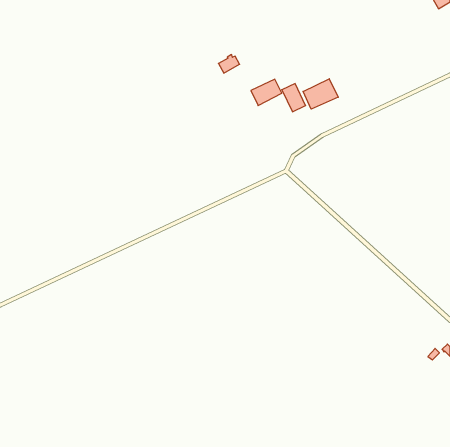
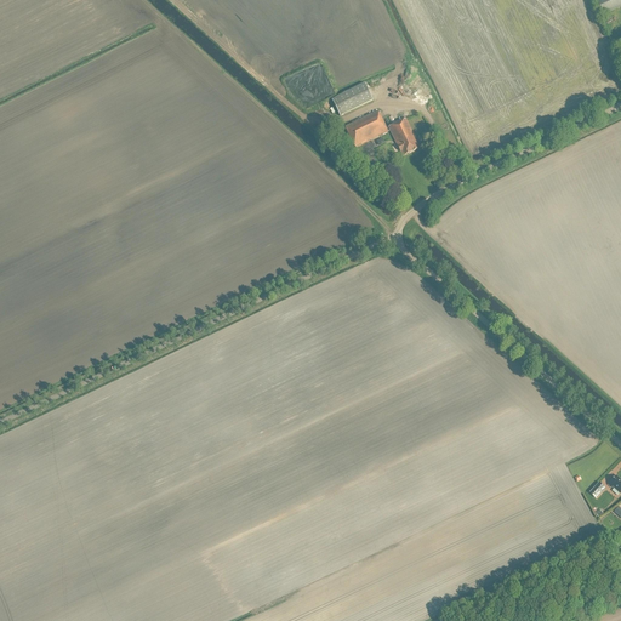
building: none -> [332,81,374,114]
building: [303,79,338,109] -> none

